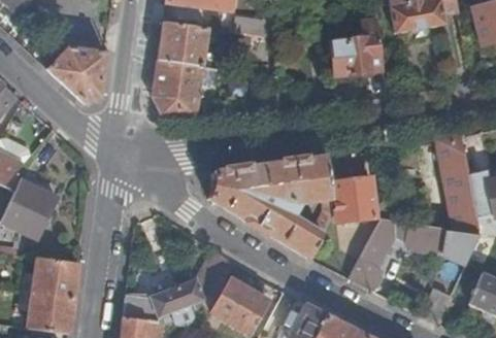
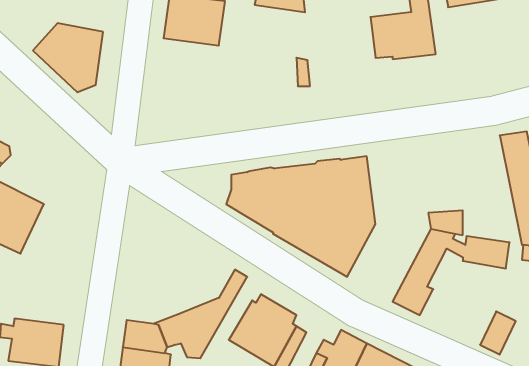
building: [152,58,202,113] -> none
building: [332,177,374,222] -> none
building: [31,259,77,298] -> none

